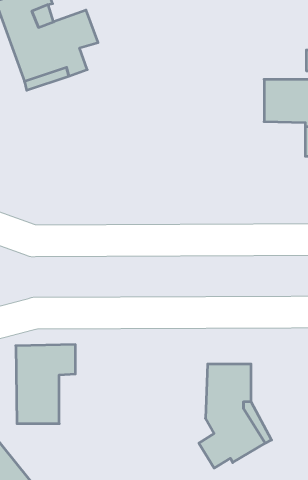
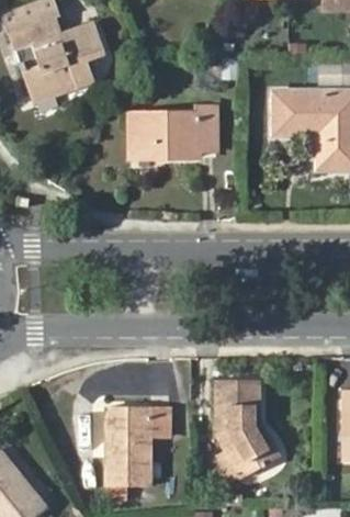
building: none -> [132,106,215,157]
building: [16,345,75,424] -> [105,405,166,485]

